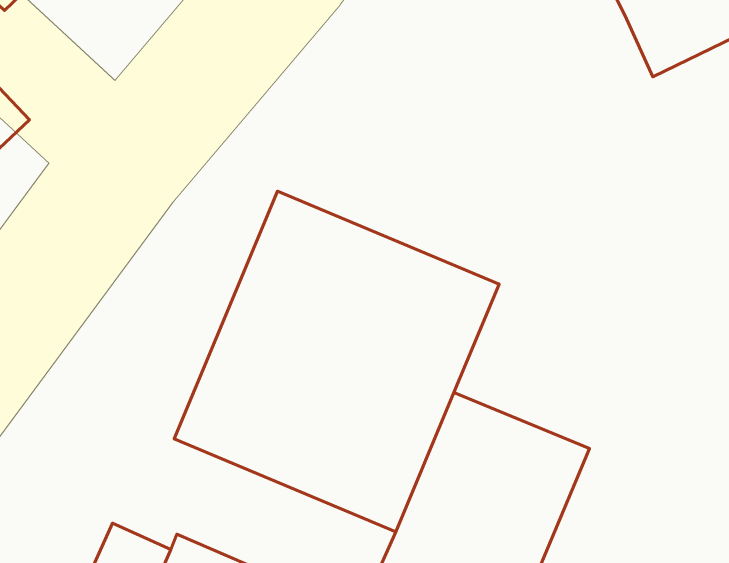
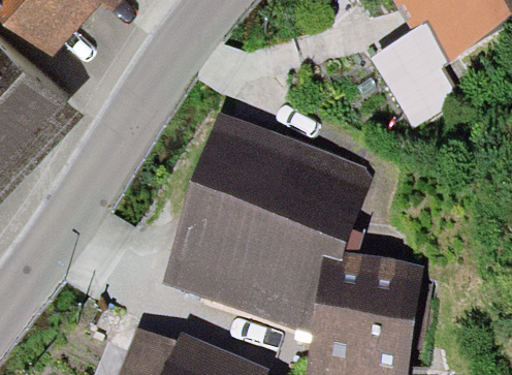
building: none -> [380,41,458,127]

